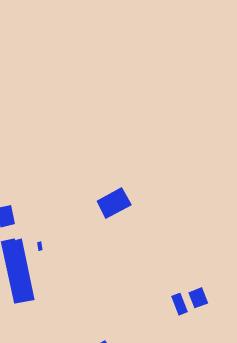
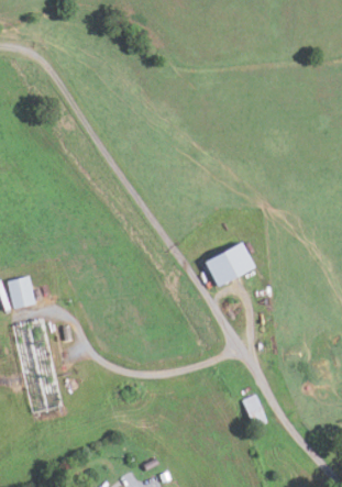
building: [95,186,133,220] -> [205,242,255,287]
building: [187,286,209,309] -> none

